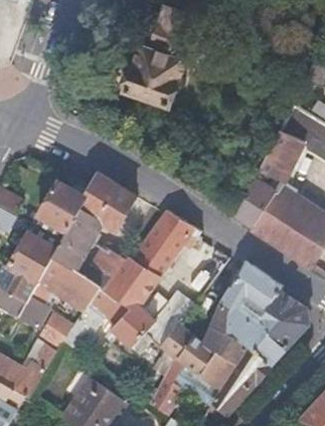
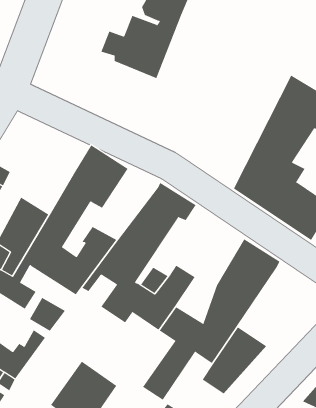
building: [32,183,84,239] -> none
building: [240,290,309,366] -> none

